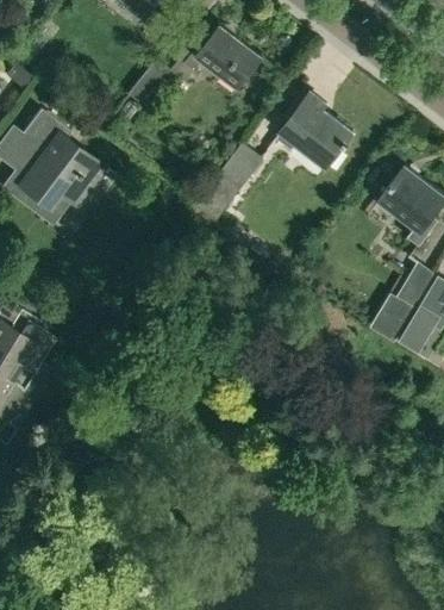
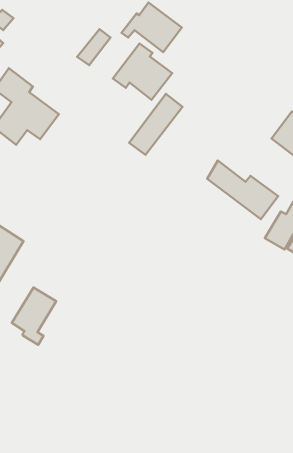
building: [275,94,351,167] -> [113,43,172,100]
building: none -> [207,161,278,219]
building: none -> [12,288,56,345]

